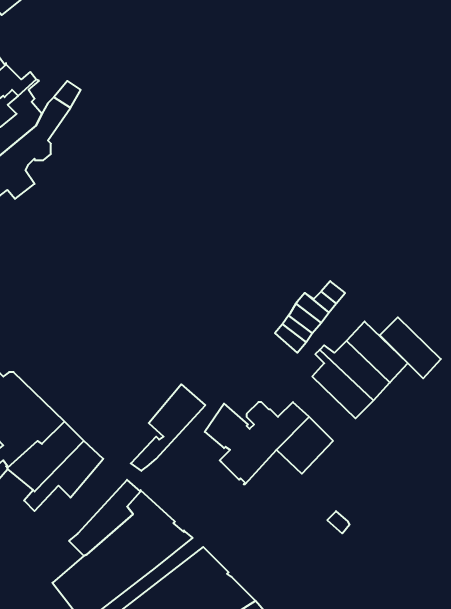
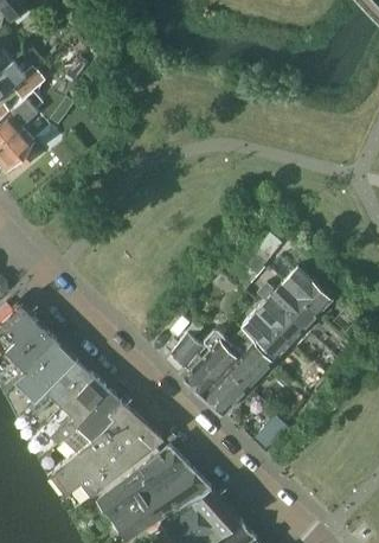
building: [380,317,441,378] -> [243,311,291,359]
building: [131,384,205,471] -> [51,376,110,445]
building: none -> [204,369,249,415]

